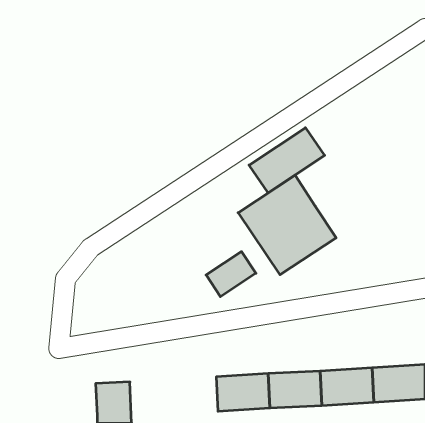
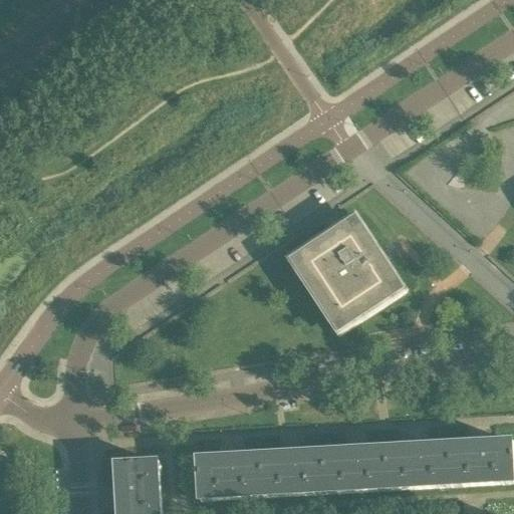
building: [249,128,325,193] -> none
building: [206,252,256,297] -> none
building: none -> [196,452,261,496]

